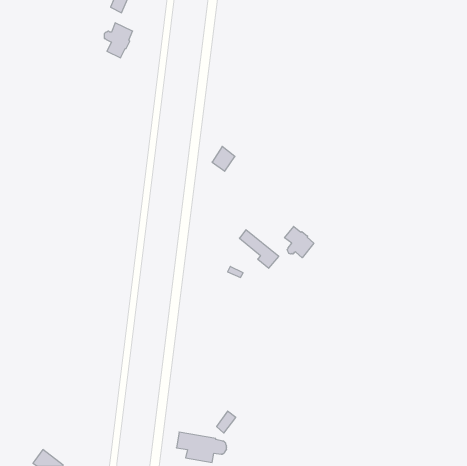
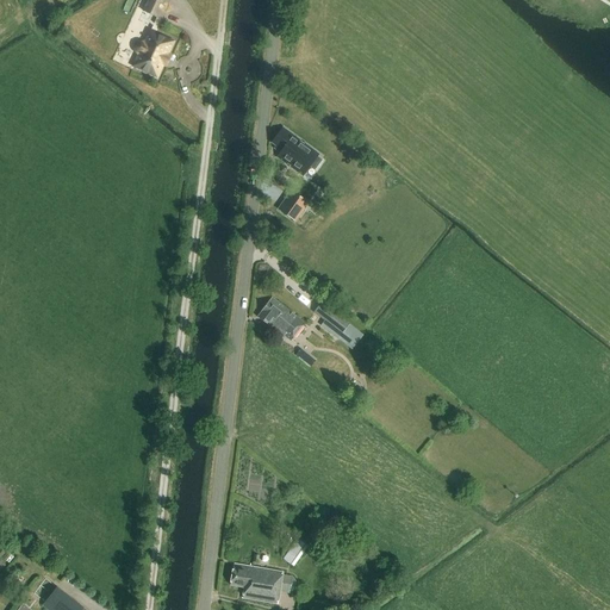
building: none -> [270,131,316,178]
building: [285,226,314,258] -> none
building: none -> [257,295,304,338]

